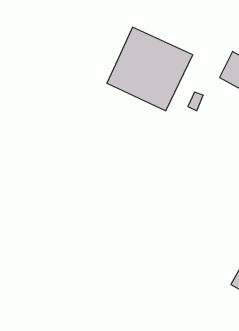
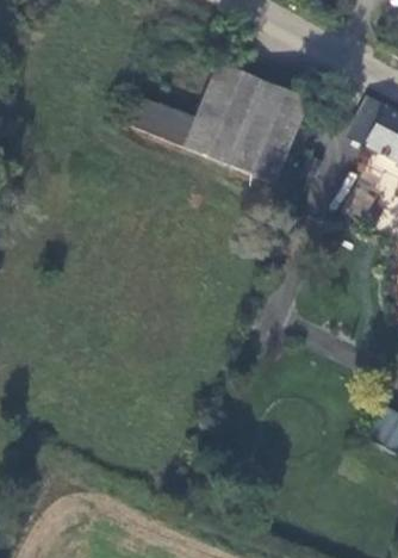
building: none -> [142,98,194,143]

